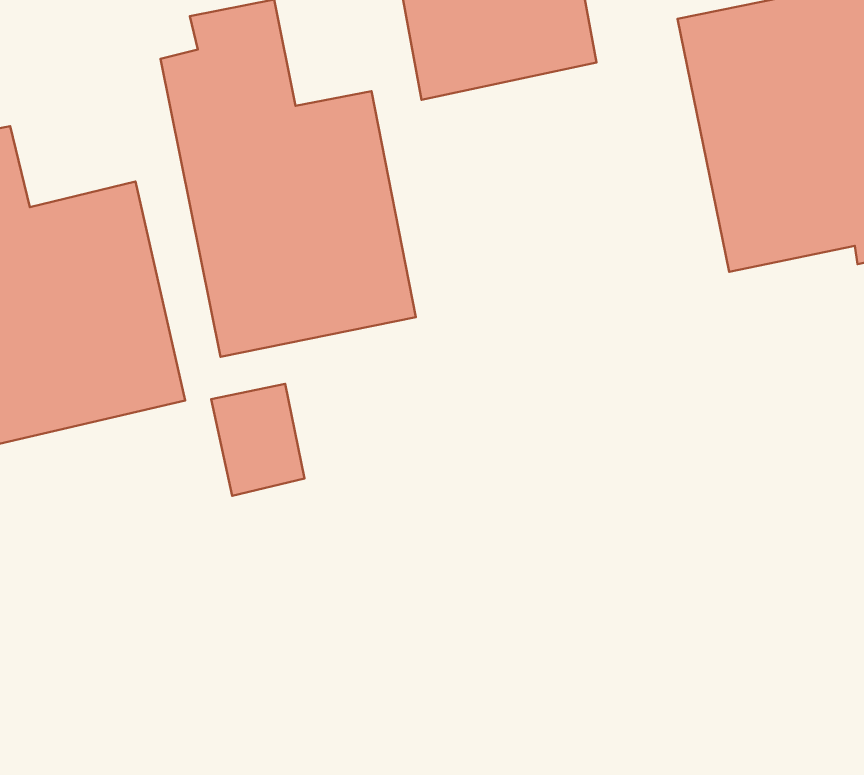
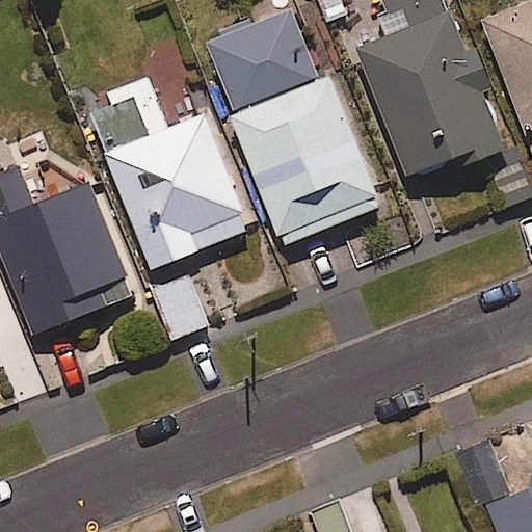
building: none -> [231,75,379,242]

